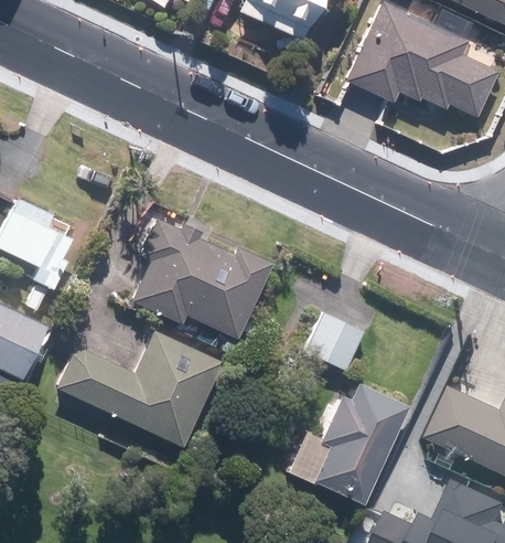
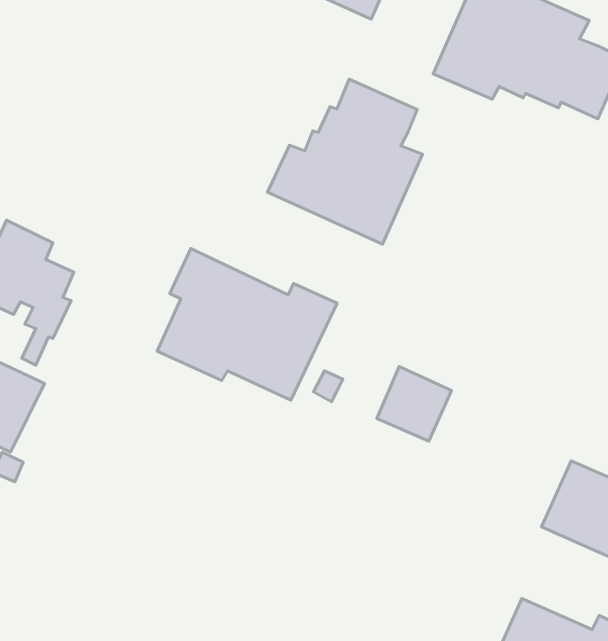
building: none -> [268,79,423,244]
building: [72,332,221,441] -> none
building: [314,383,407,503] -> none

